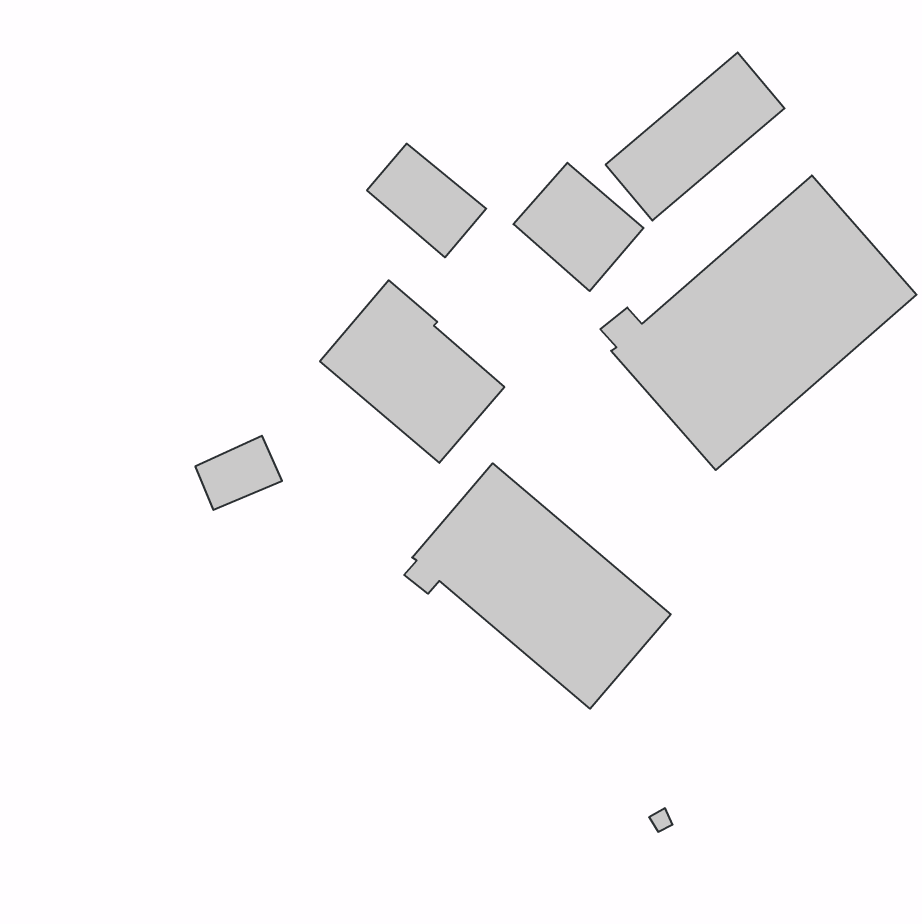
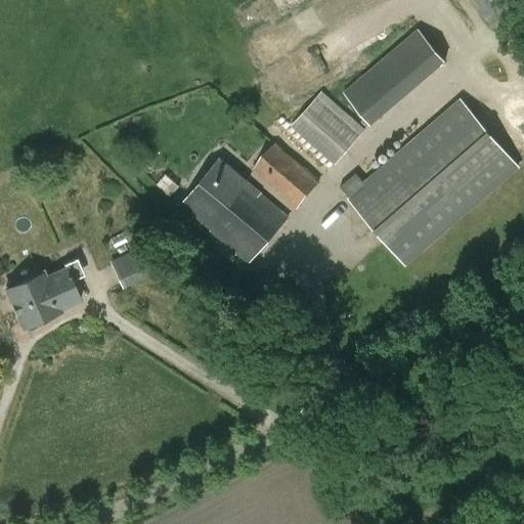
building: [367,144,486,257] -> [253,143,320,208]
building: [404,463,671,709] -> none
building: none -> [4,268,79,330]

